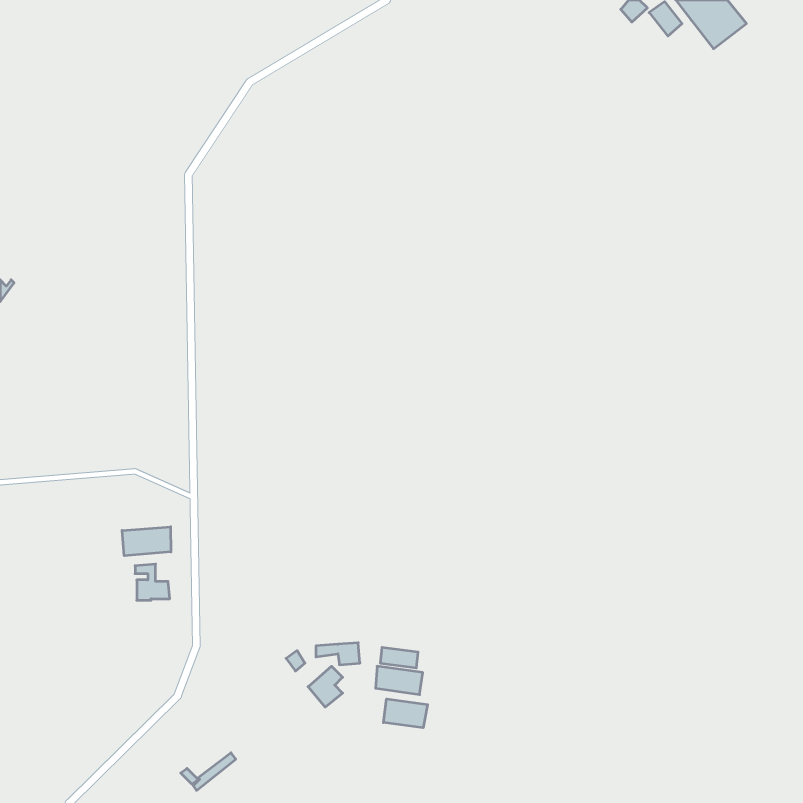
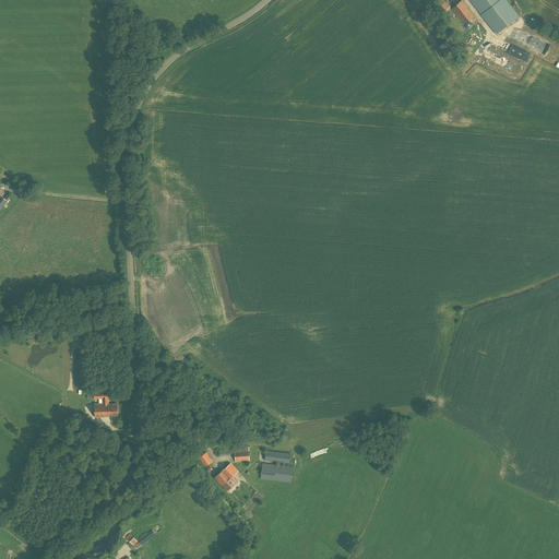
building: [122,527,171,556] -> none
building: [383,699,428,728] -> none

